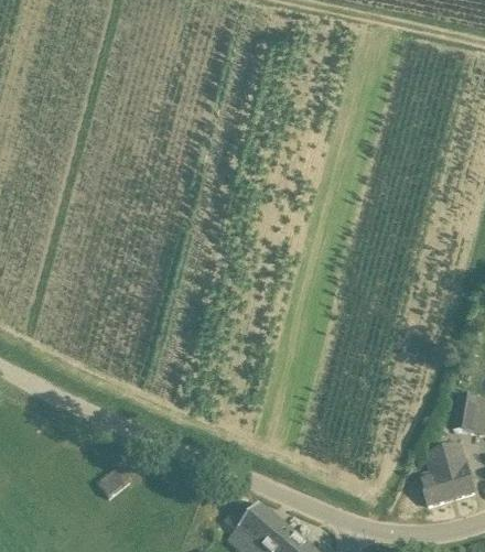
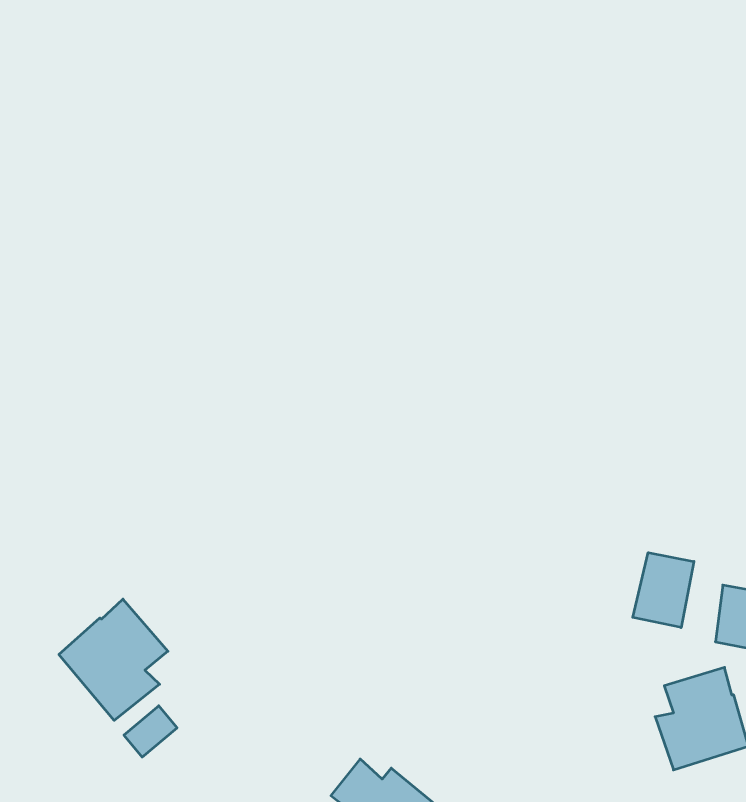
building: none -> [633,553,694,628]
building: none -> [59,599,168,720]

